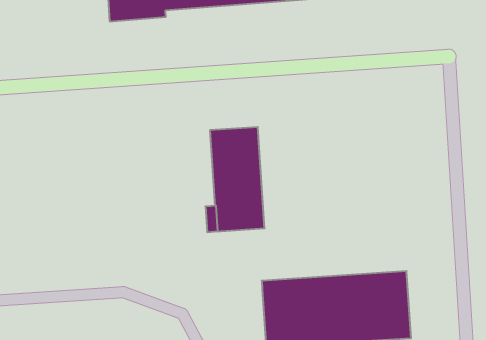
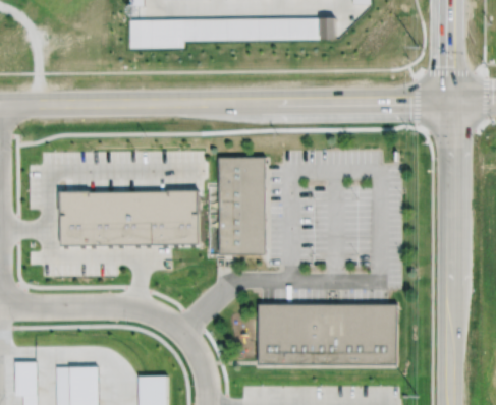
building: none -> [62,189,199,245]

